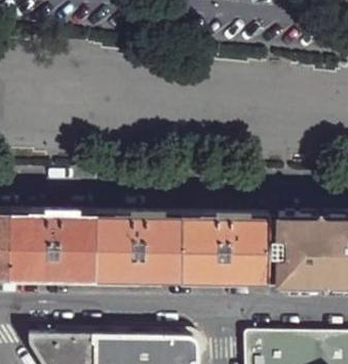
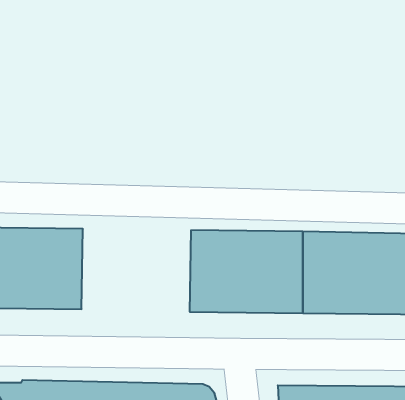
building: [94,215,180,280] -> none

